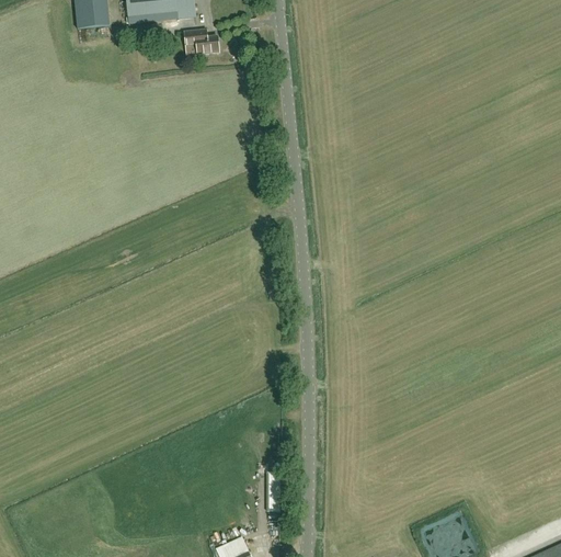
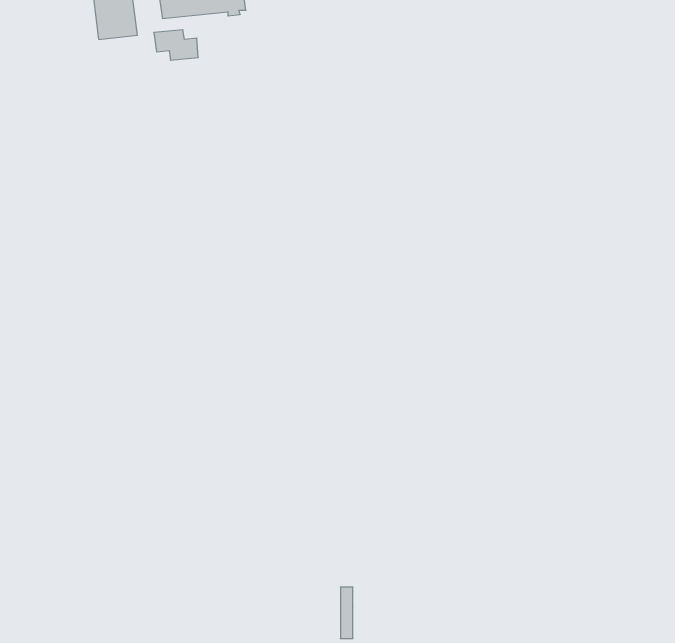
building: [184,30,219,54] -> [154,30,198,60]

